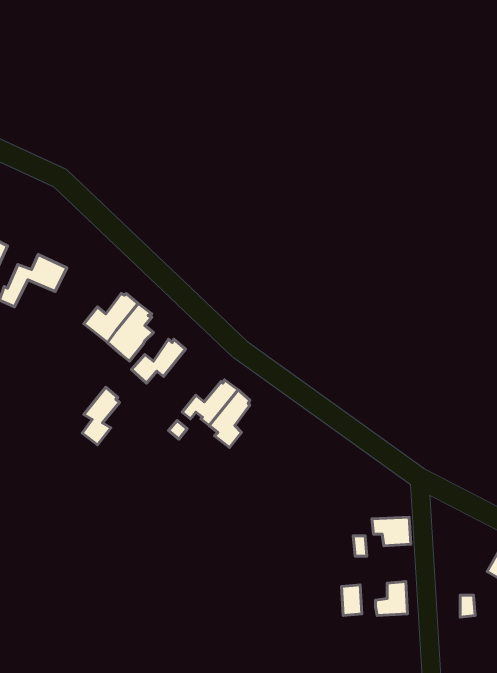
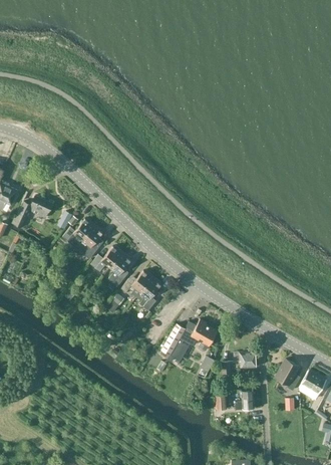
building: [82,387,119,445] -> [108,252,130,286]
building: none -> [160,319,217,363]
building: none -> [275,360,299,391]

